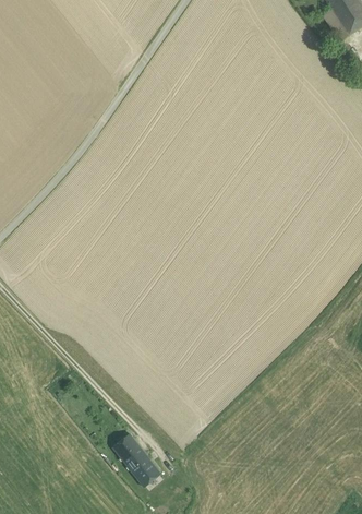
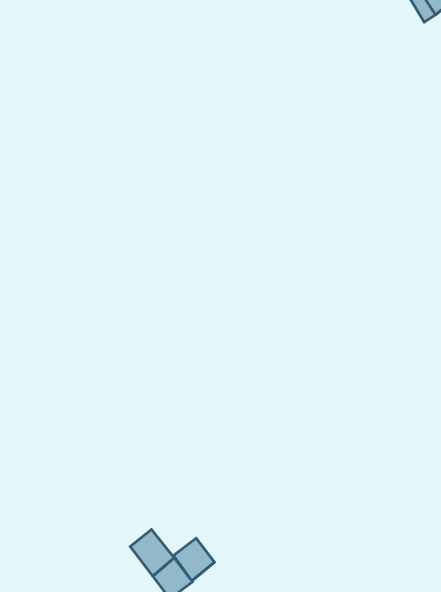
building: none -> [173,538,215,581]

